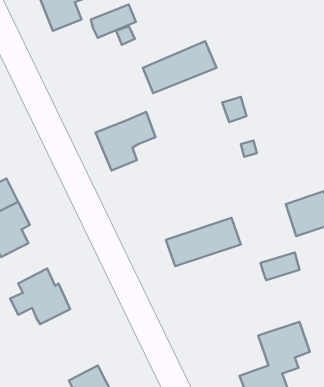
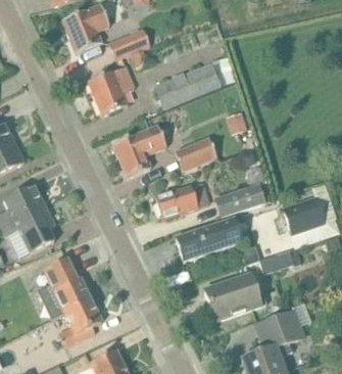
building: none -> [88,64,136,114]
building: none -> [175,137,216,170]
building: none -> [155,181,208,218]
building: none -> [214,183,263,216]
building: none -> [204,274,267,320]
building: none -> [58,298,102,346]

